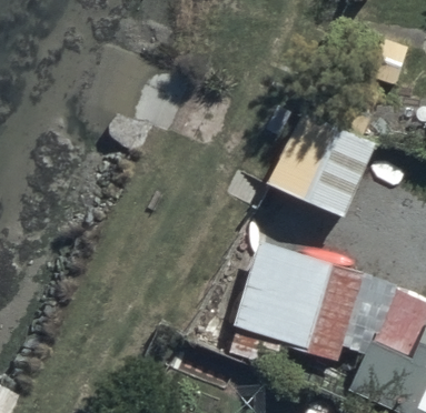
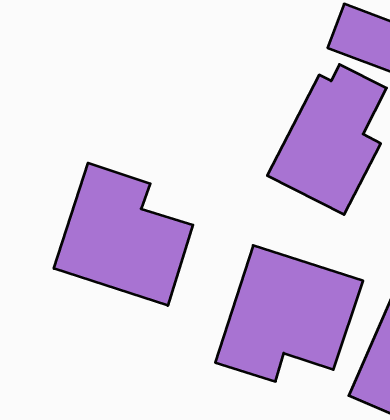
building: none -> [54,163,193,306]

